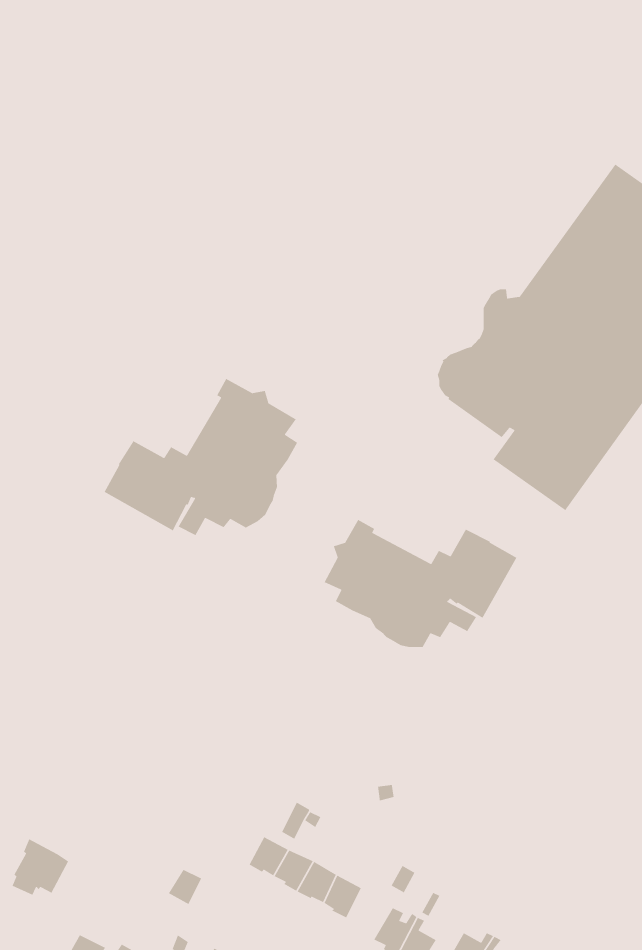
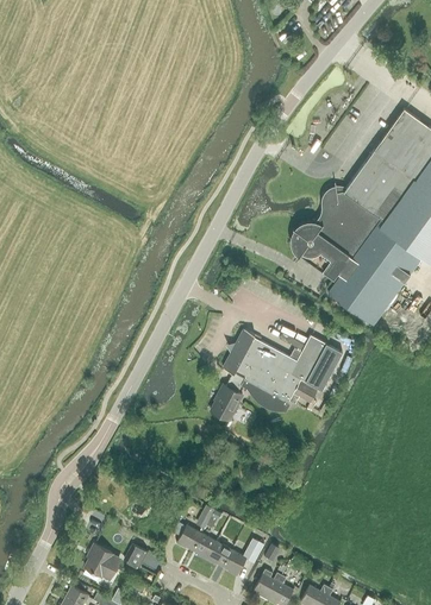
building: [103,378,298,536] -> none
building: none -> [211,382,243,422]
building: [12,838,69,896] -> [83,546,119,581]

